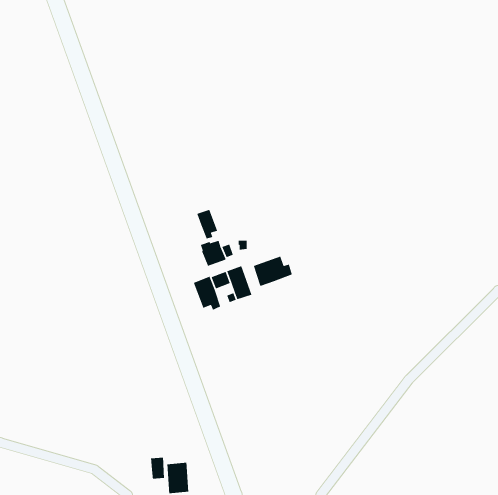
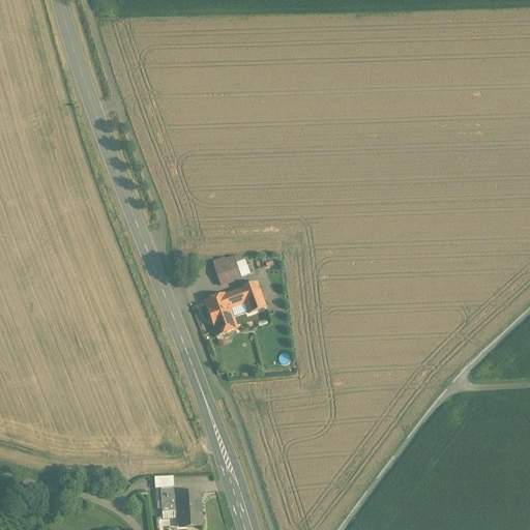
building: [197,209,218,239] -> none
building: [253,256,293,286] -> none

